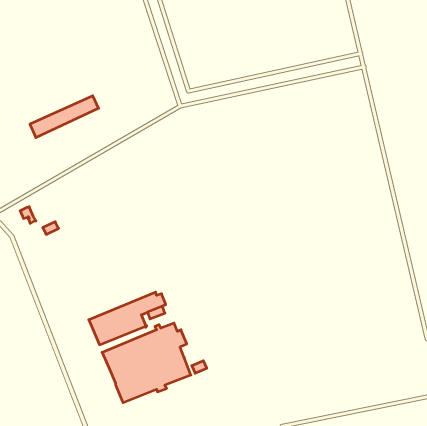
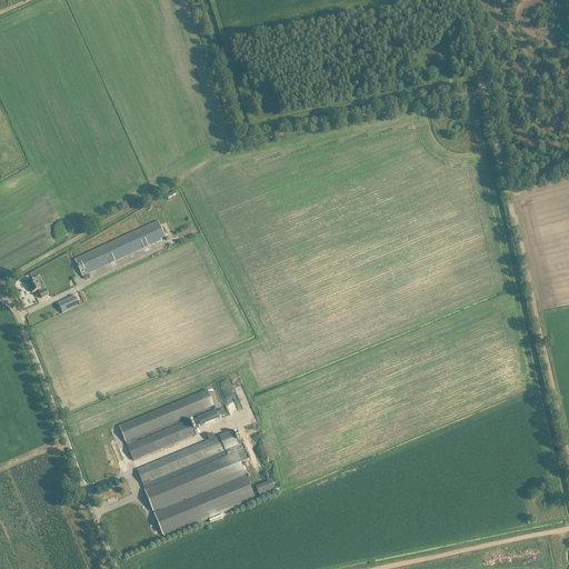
building: [30,96,99,138] -> [73,219,164,274]

